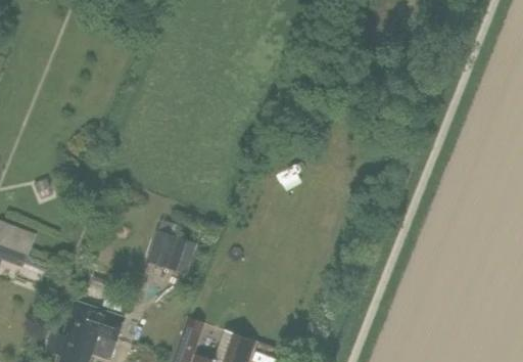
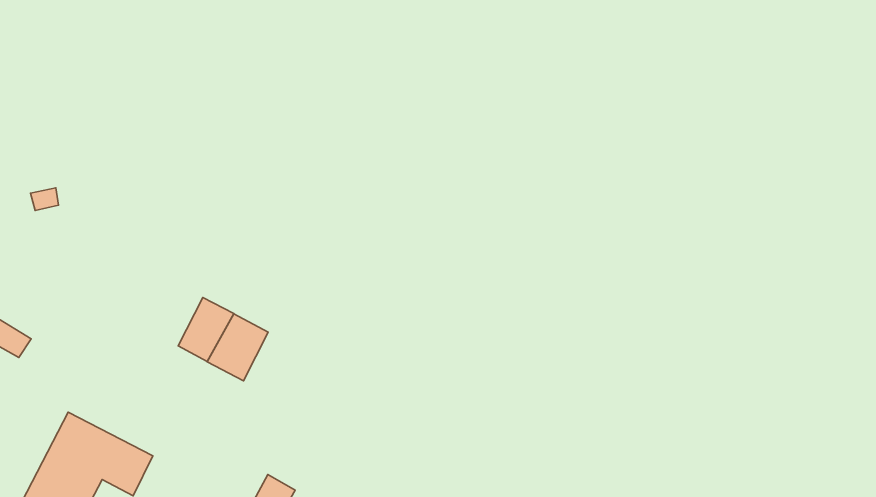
building: [167,239,194,274] -> [178,297,234,362]

